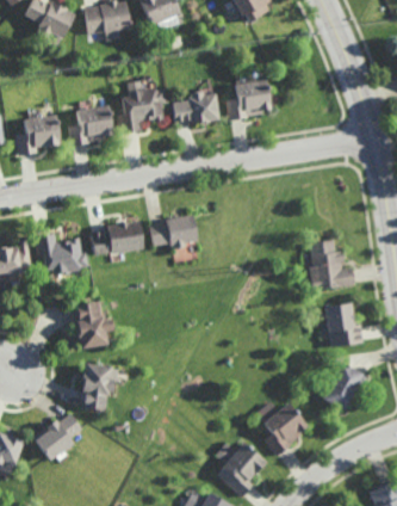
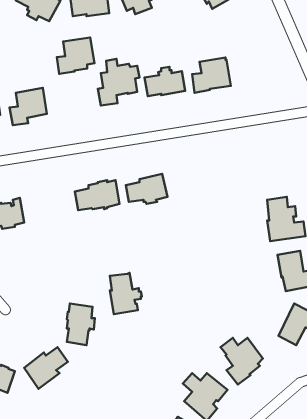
building: [69,105,112,147] -> [57,37,94,74]
building: [36,235,89,276] -> none
building: [77,301,114,348] -> [110,273,142,314]

